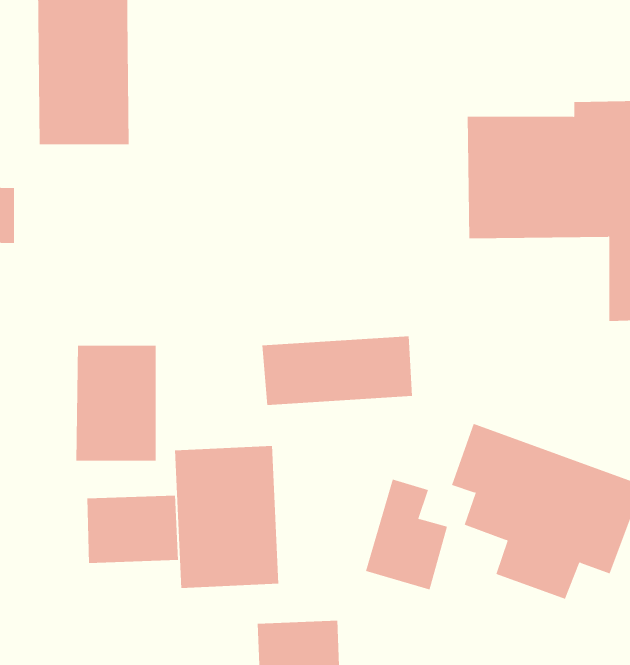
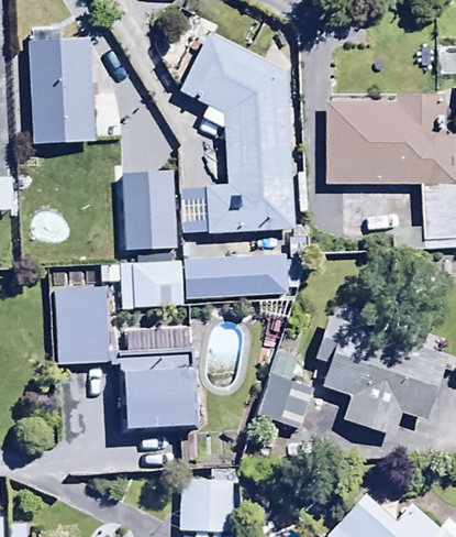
building: none -> [180,36,297,240]
building: none -> [121,154,173,231]
building: [87,495,179,563] -> [120,266,183,314]

